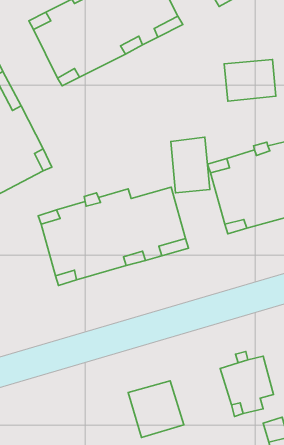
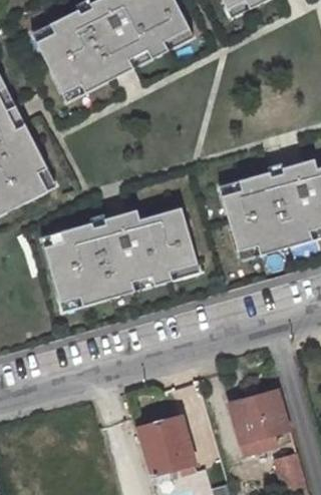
building: [224,59,276,101] -> none
building: [171,137,210,193] -> none

